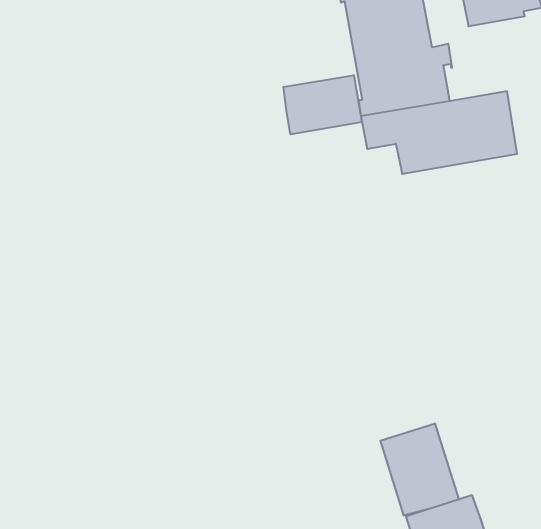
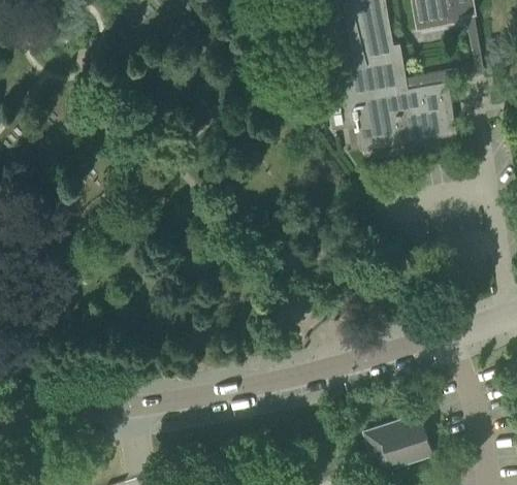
building: [283,75,362,134] -> none
building: [380,423,459,516] -> none

